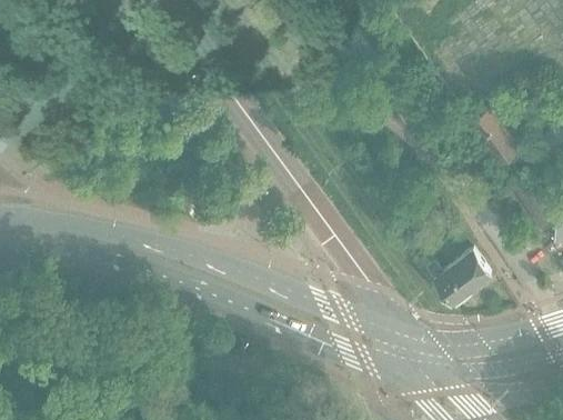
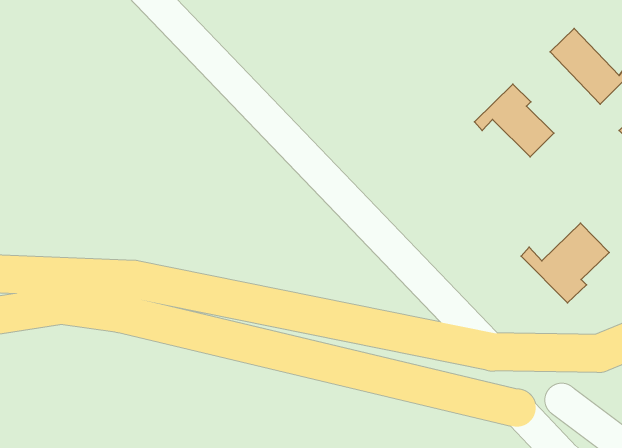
building: none -> [474,84,554,157]

